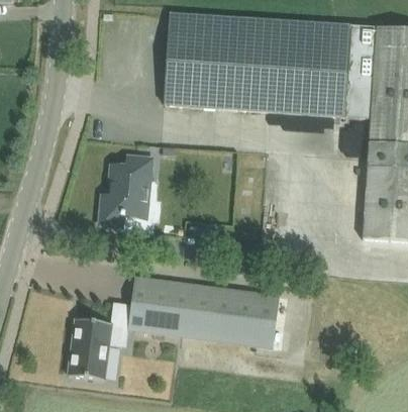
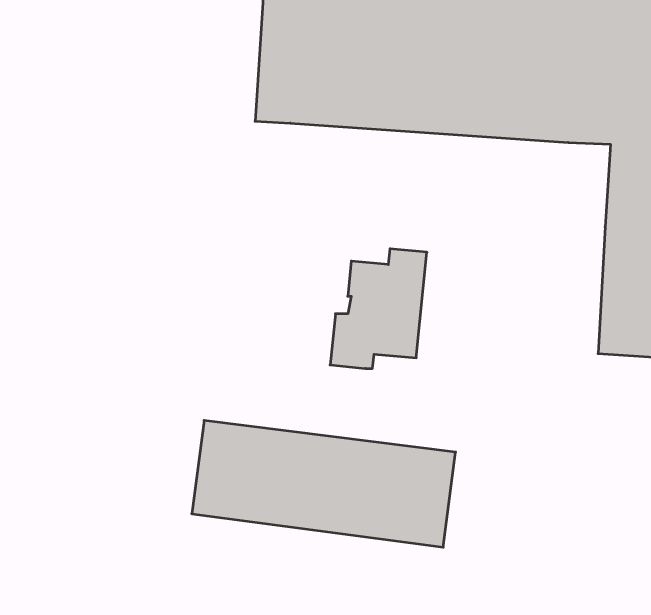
building: [99,157,155,225] -> [330,249,427,368]
building: [69,318,123,380] -> none

